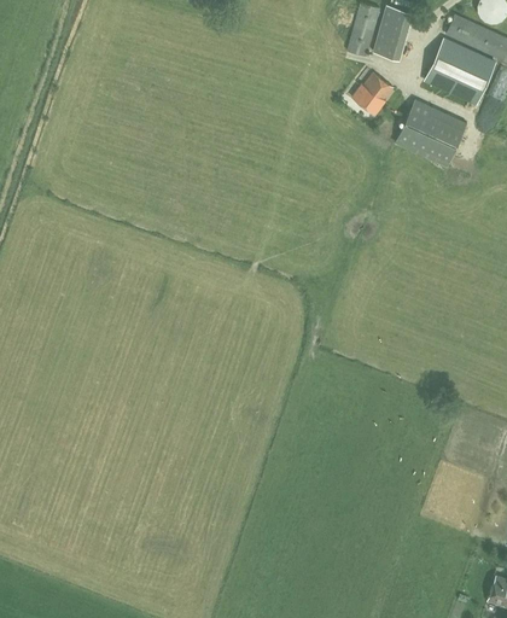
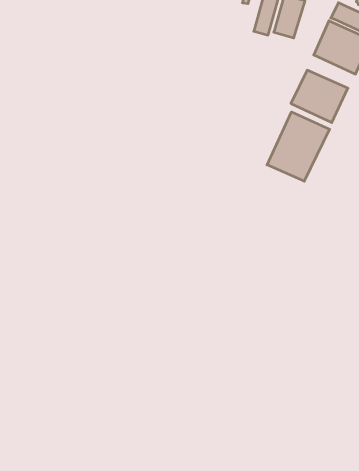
building: [351,74,394,115] -> none
building: none -> [267,112,330,181]

